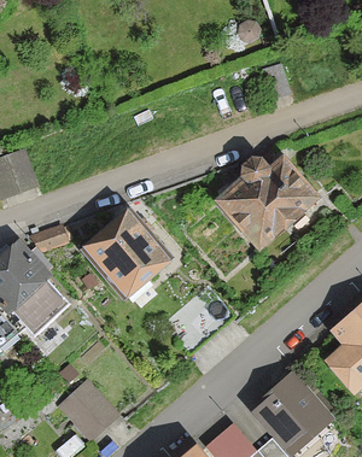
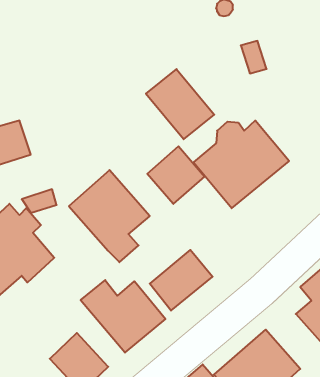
building: none -> [146,69,214,139]
building: none -> [147,146,205,204]
building: none -> [81,280,165,353]

